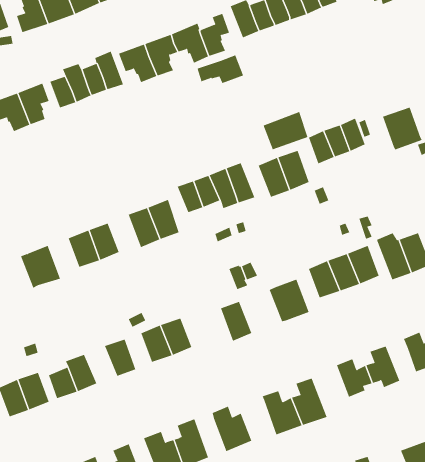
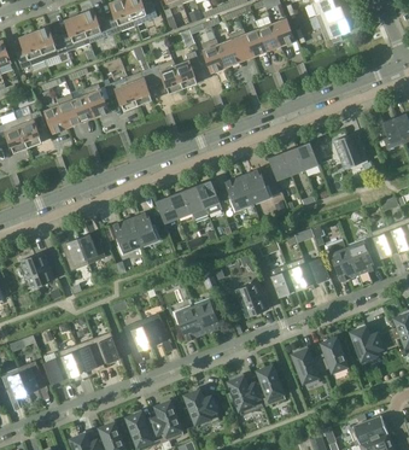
building: [197,54,244,84] -> none
building: [263,111,308,150] -> none
building: none -> [176,305,204,340]
building: none -> [76,338,104,370]

